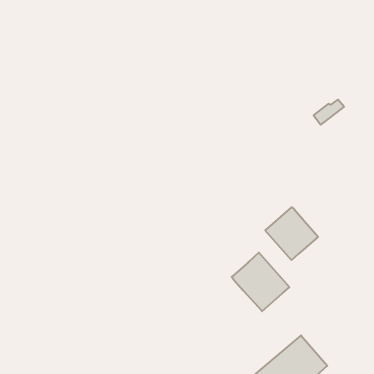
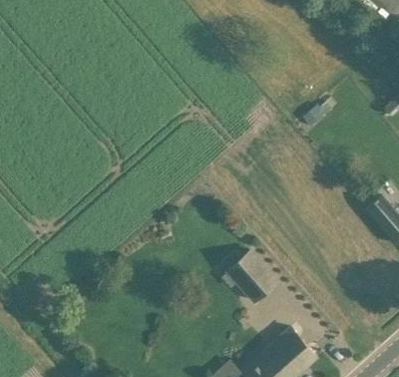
building: [265,207,318,260] -> none

